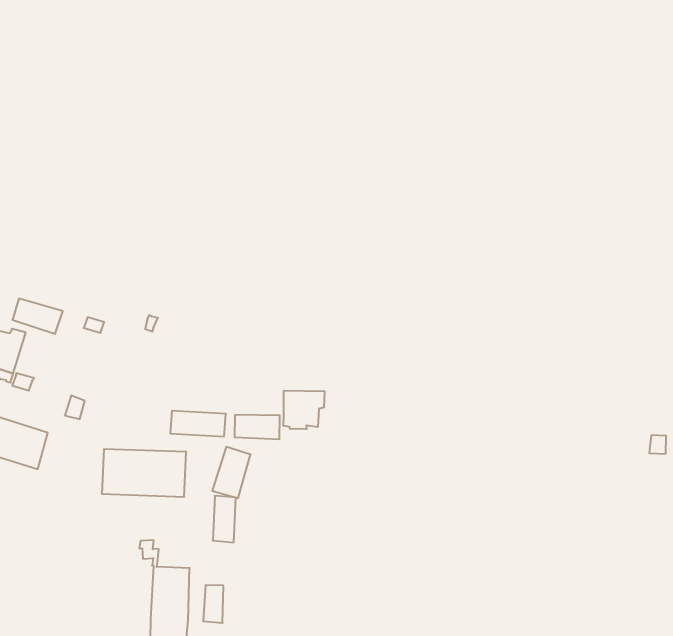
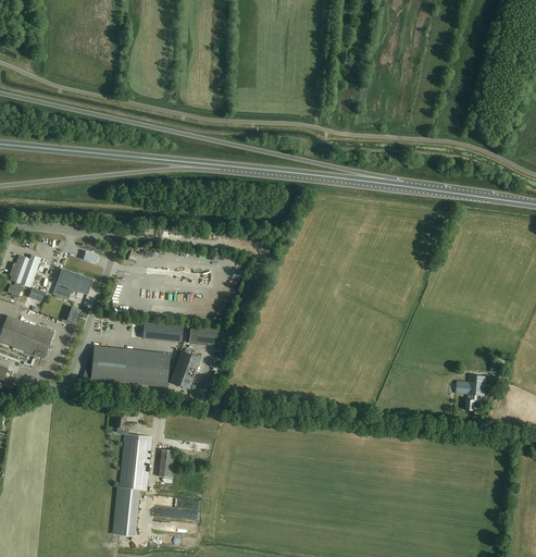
building: [12,299,63,334] -> [57,269,94,296]
building: [283,391,324,429] -> none
building: none -> [456,375,486,410]
building: [213,496,236,542] -> [150,352,169,387]

